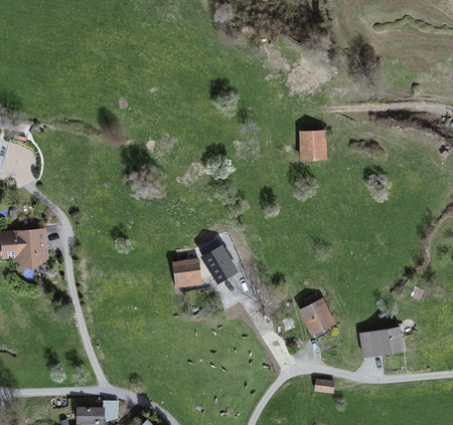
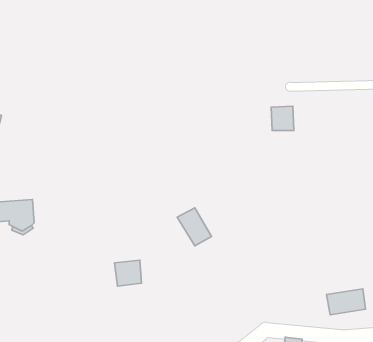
building: [172,259,201,287] -> [115,260,142,286]
building: [301,295,332,335] -> none

